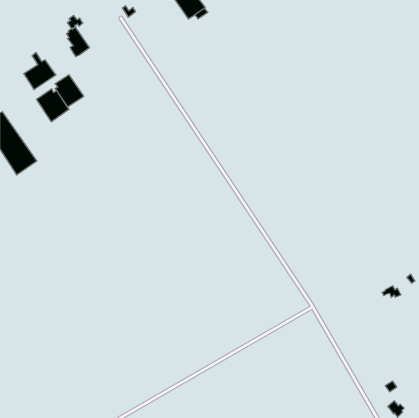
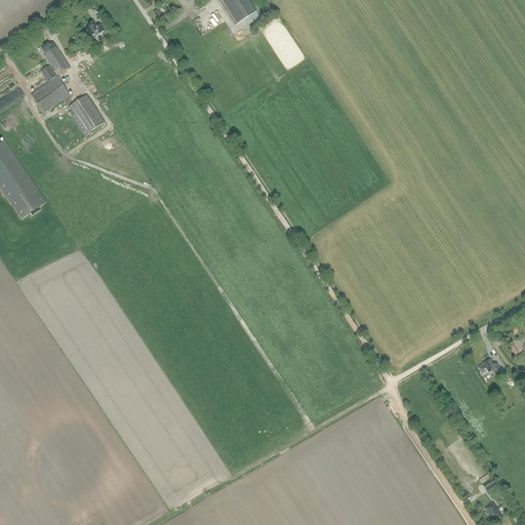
building: [67,27,90,57] -> [41,40,70,77]
building: [37,89,69,122] -> none

